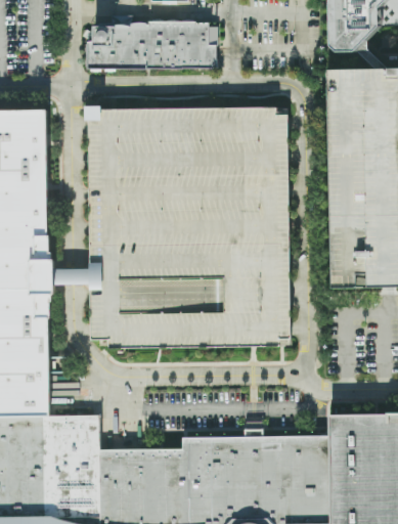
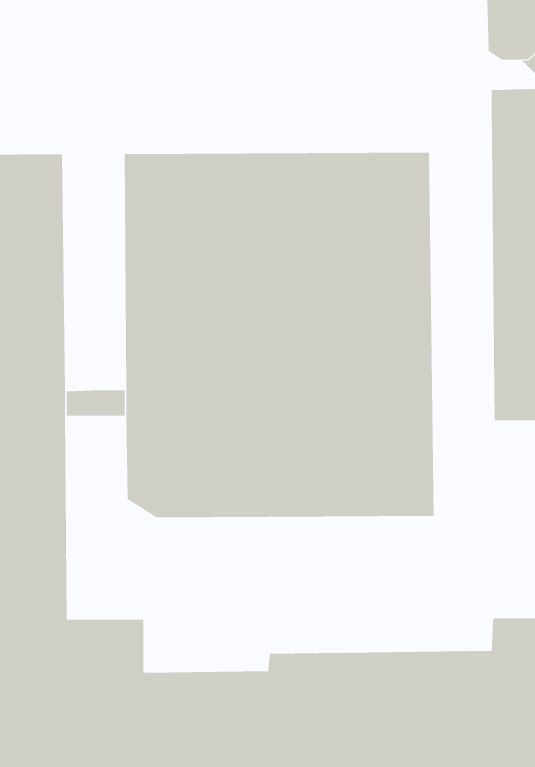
building: [86,20,219,68] -> none

